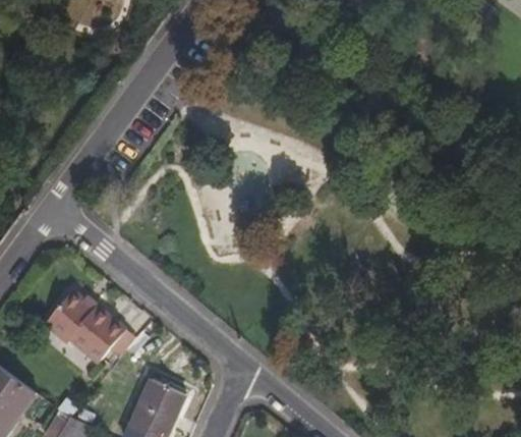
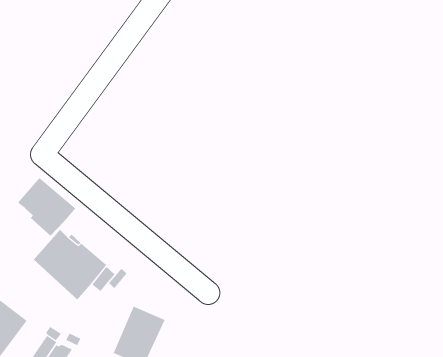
building: none -> [17,177,76,237]

